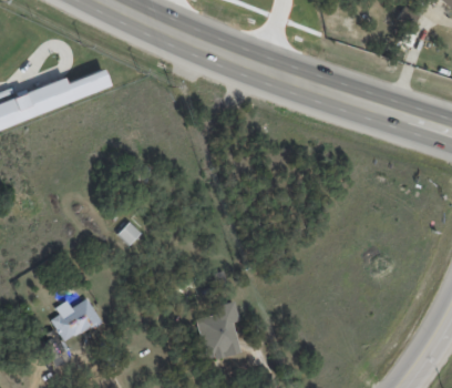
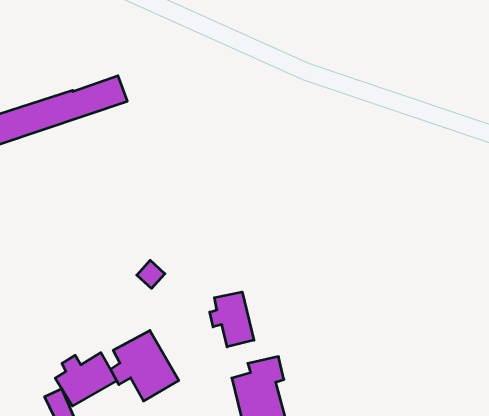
building: none -> [210,292,254,347]
building: none -> [110,330,179,401]

